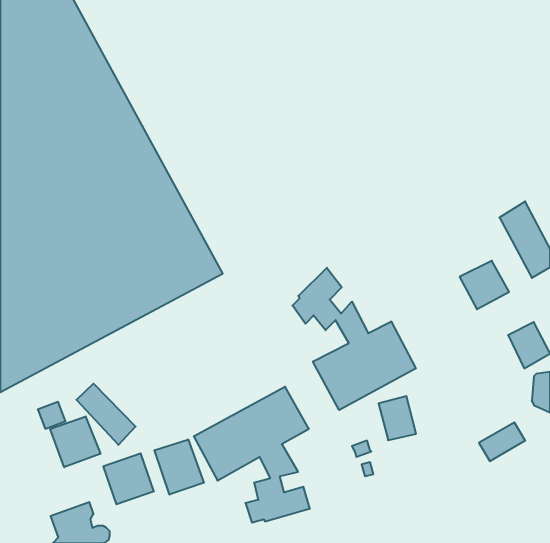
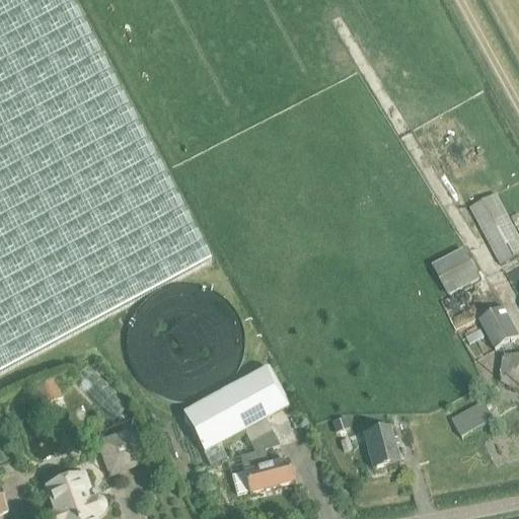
building: [292,268,416,410] -> none
building: [378,396,416,440] -> [363,424,398,465]
building: [50,416,100,467] -> none
building: [154,439,204,495] -> none

